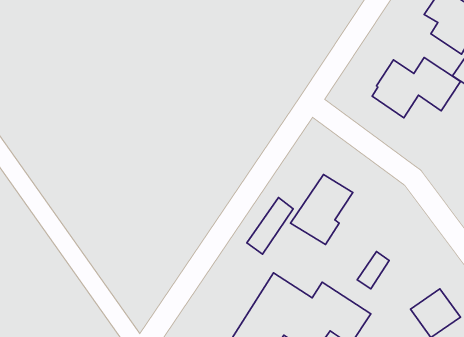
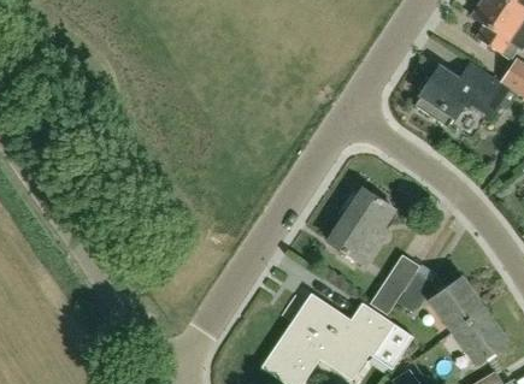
building: [247,198,293,254] -> [371,255,420,315]
building: none -> [432,278,487,331]

